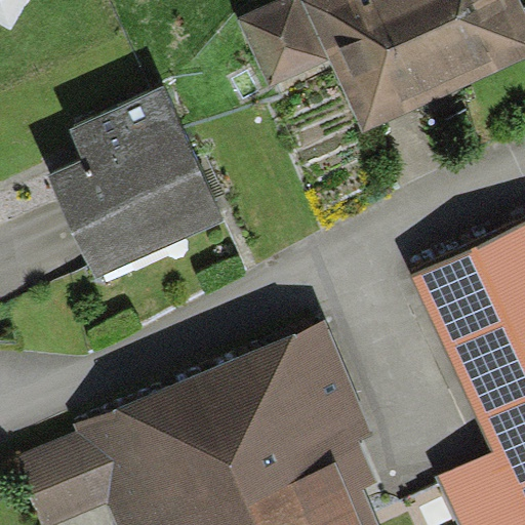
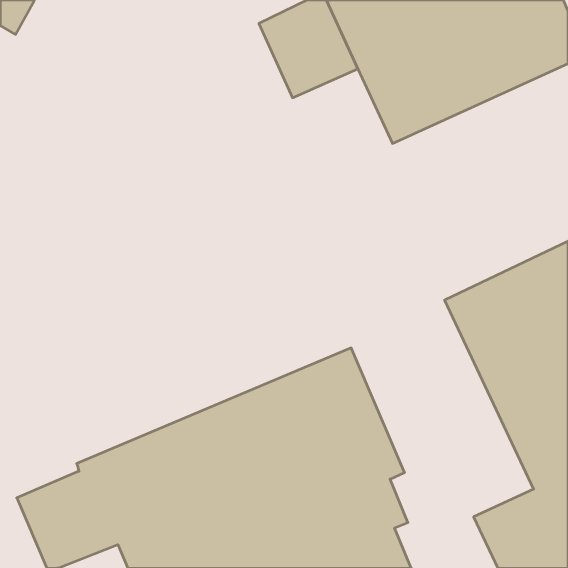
building: [46,84,231,281] -> none

